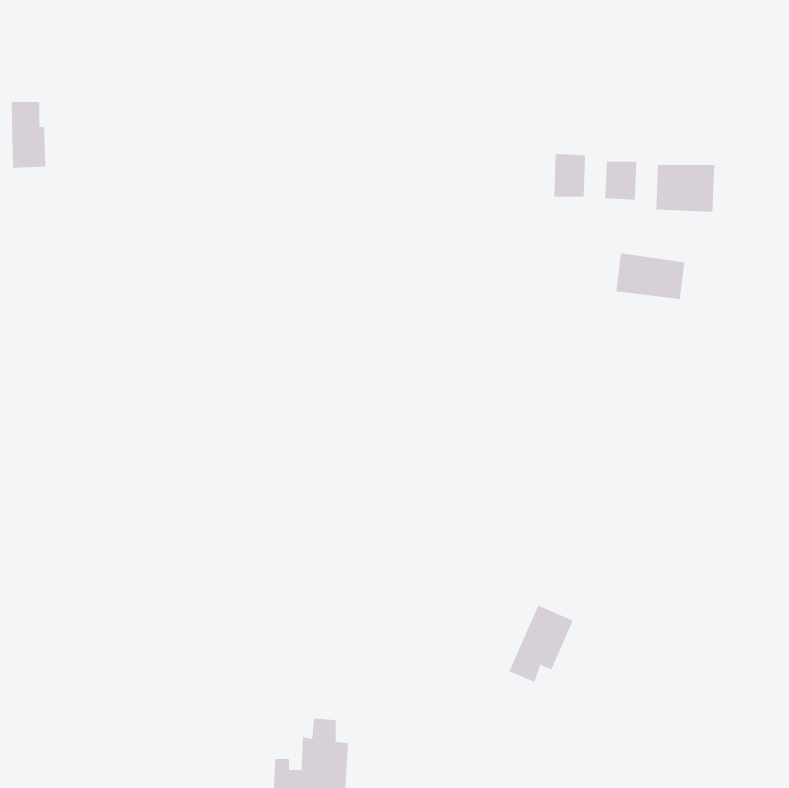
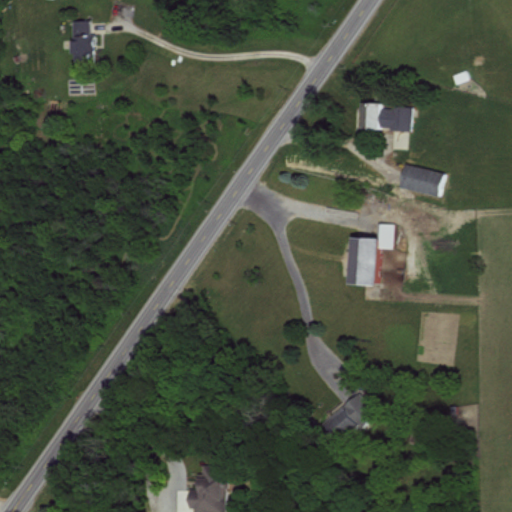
building: [11,102,46,168] -> [70,21,93,64]
building: [656,164,715,212] -> none
building: none -> [347,224,393,285]

